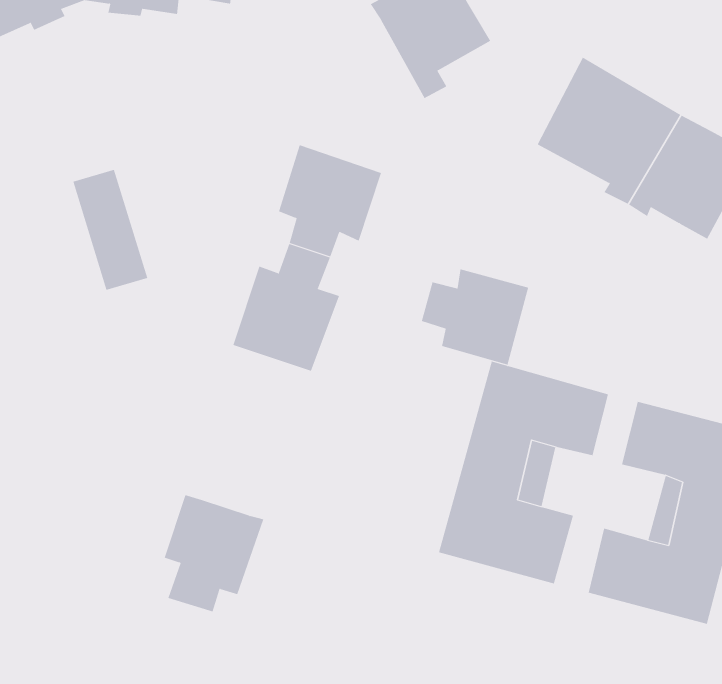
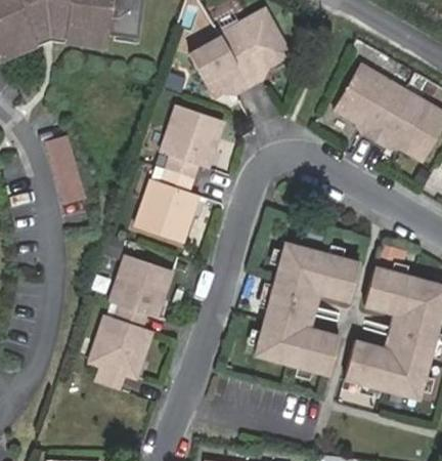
building: none -> [189,41,250,96]
building: [421,268,529,366] -> none
building: none -> [117,257,176,330]

